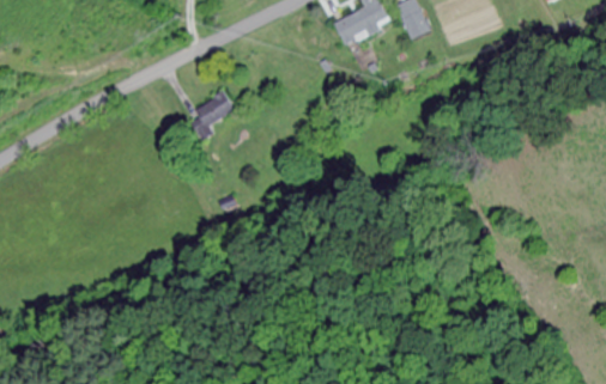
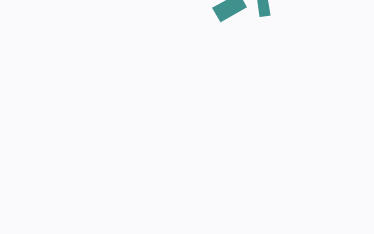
building: [189,92,236,133] -> none

